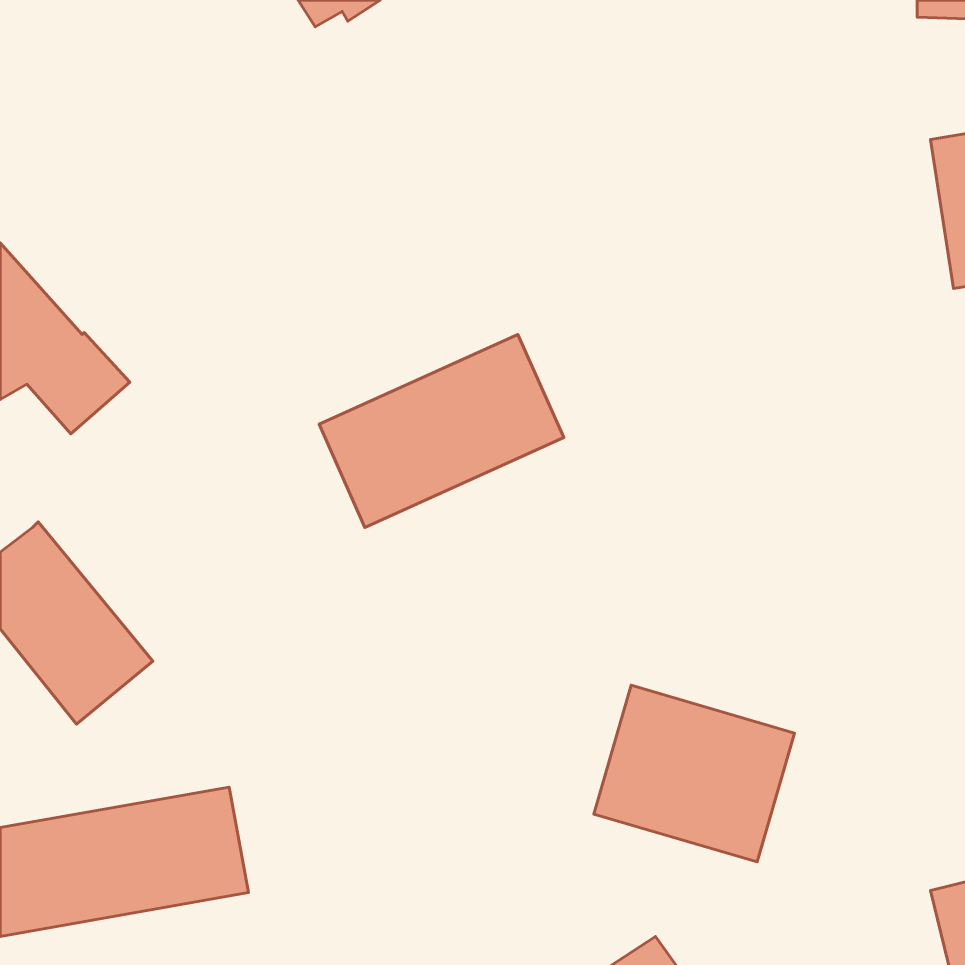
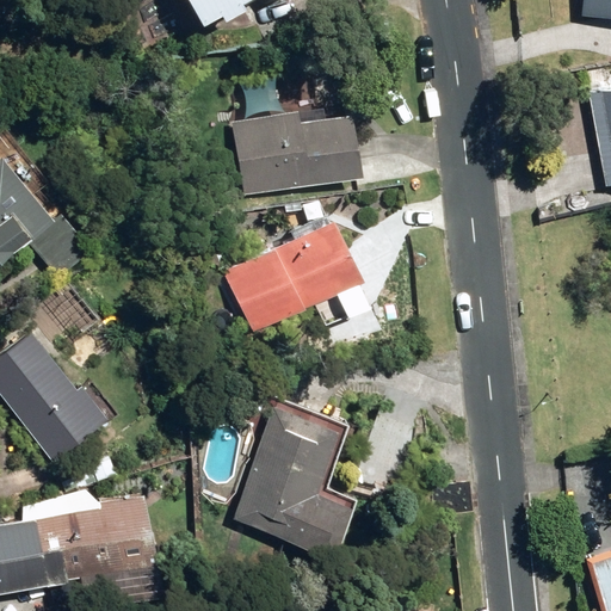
building: none -> [223,106,362,193]
building: none -> [227,407,360,560]
building: [594,685,794,862] -> none

